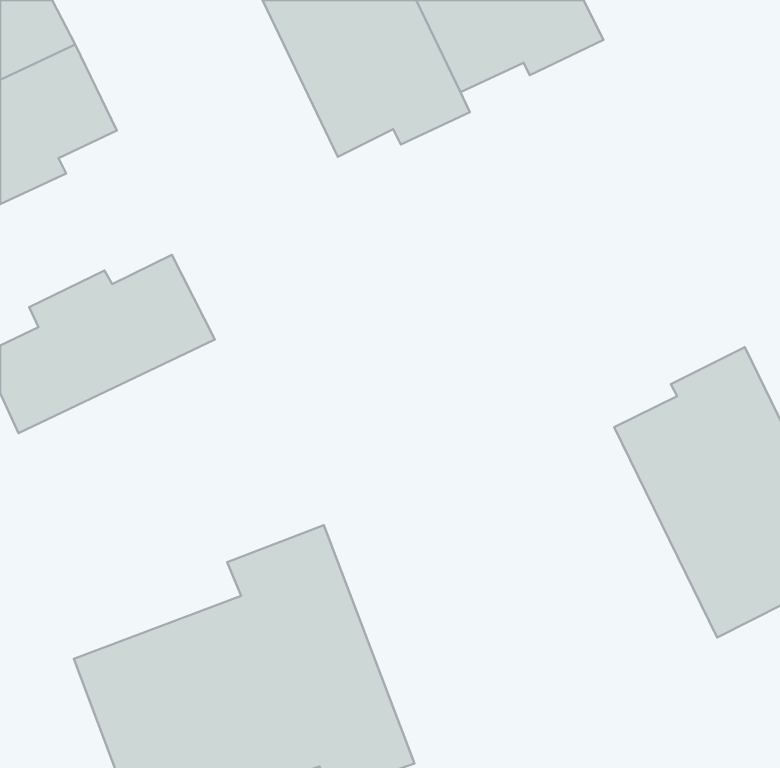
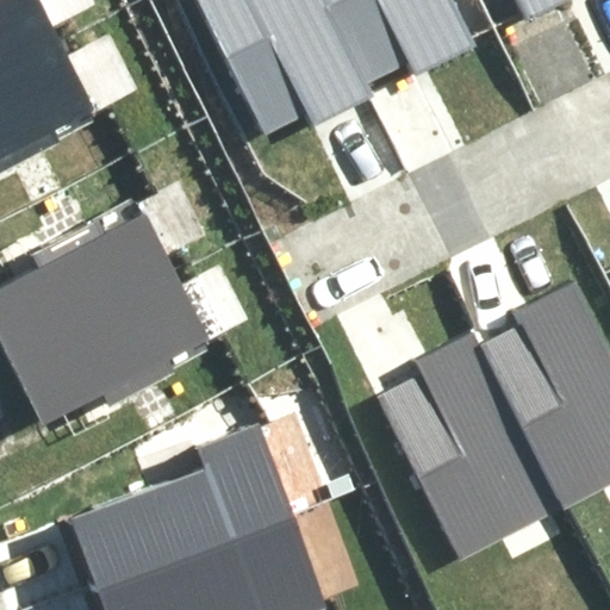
building: none -> [18,276,201,415]
building: none -> [380,328,560,554]

